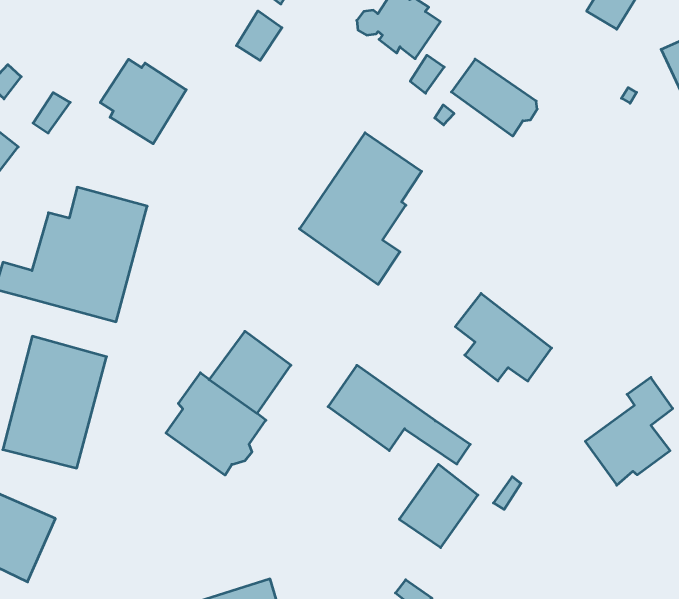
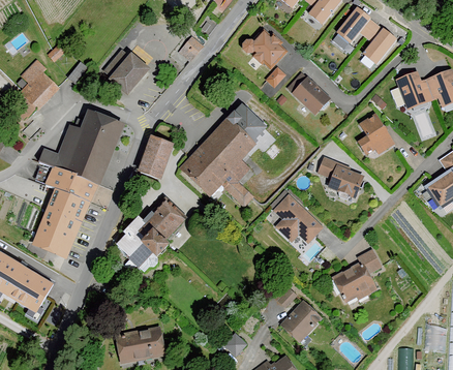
building: none -> [357,114,393,154]
building: none -> [319,157,364,199]
building: none -> [139,136,169,179]
building: none -> [44,166,97,203]
building: [328,365,470,464] -> [181,149,252,207]
building: [399,464,478,548] -> [279,300,322,343]

